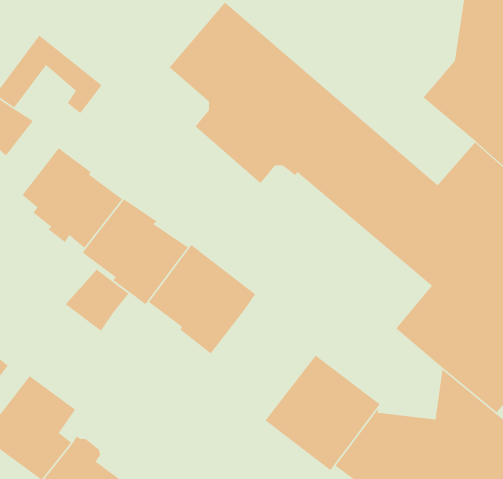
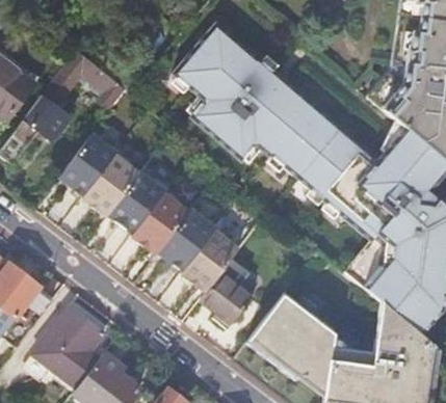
building: [65,268,129,332] -> none
building: none -> [201,260,253,324]

